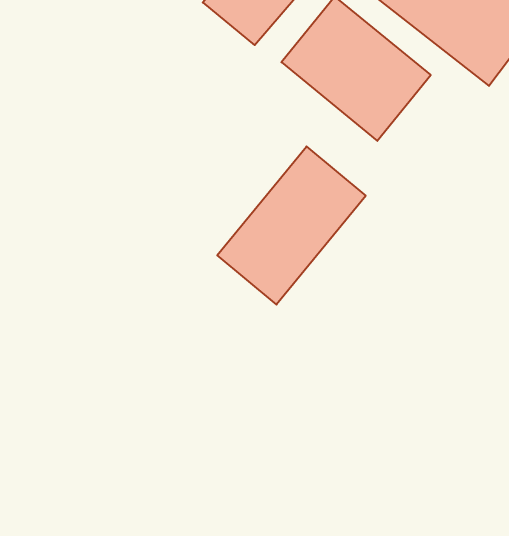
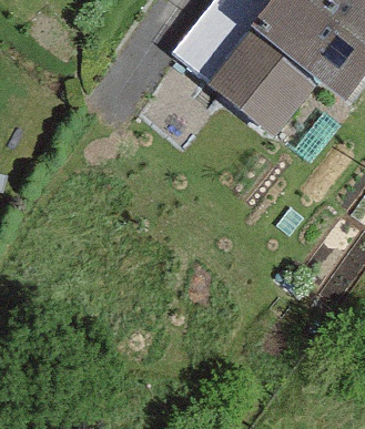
building: [217,146,366,305] -> none

